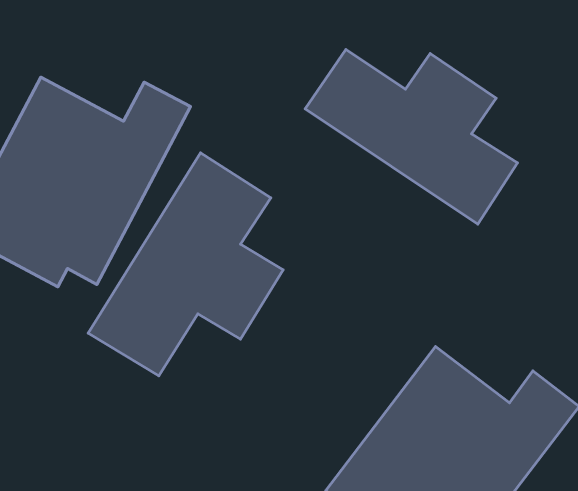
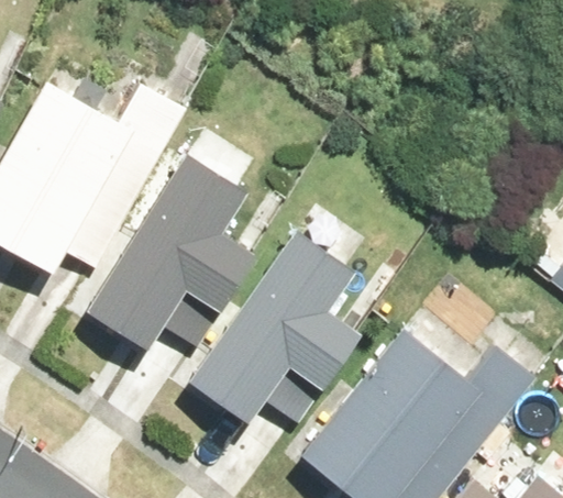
building: [305,50,517,224] -> none
building: none -> [190,226,366,423]

